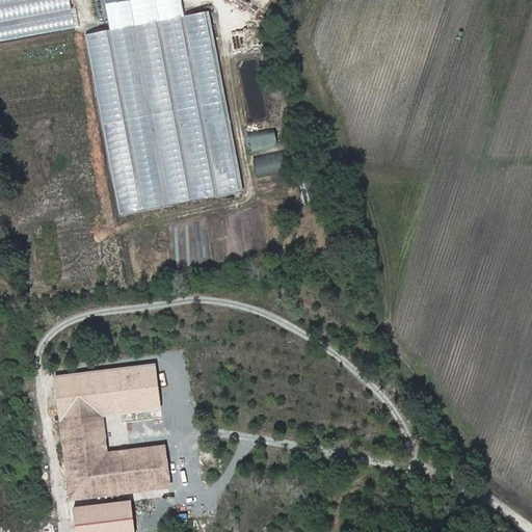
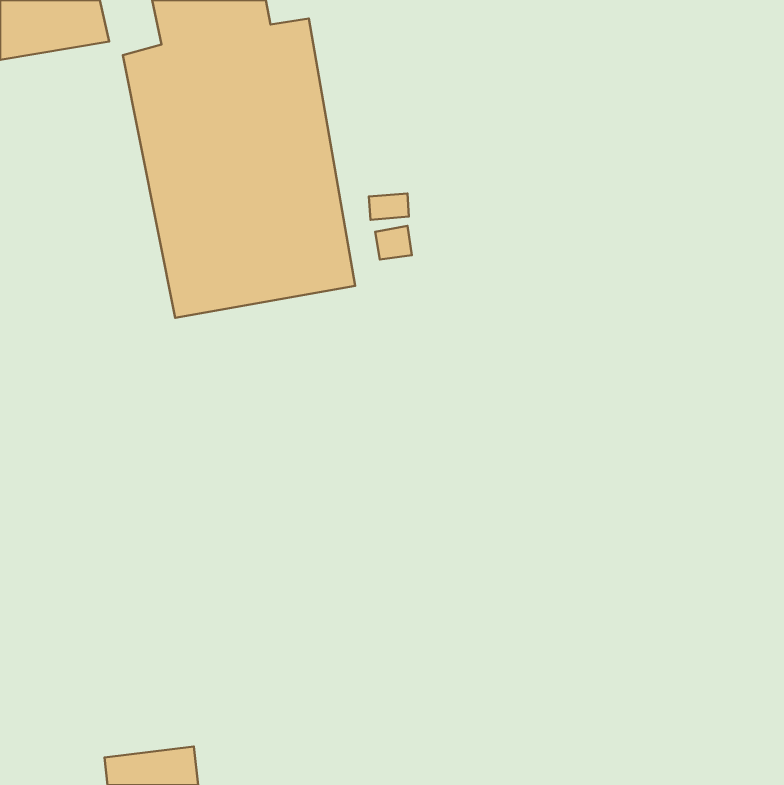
building: [52,360,169,500] -> none

